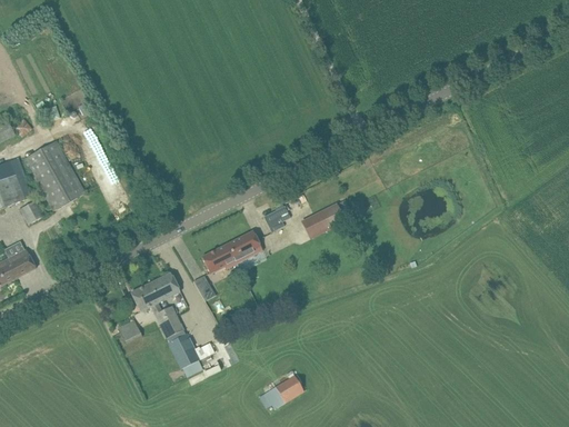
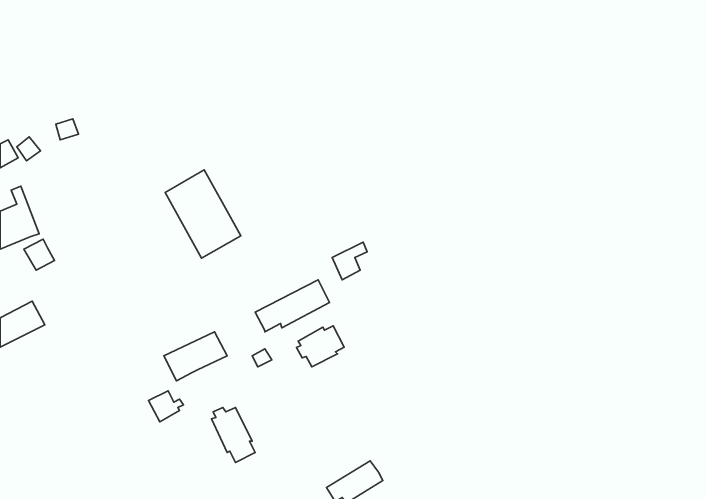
building: [24,140,84,210] -> [165,170,241,258]
building: [301,202,345,238] -> none
building: none -> [297,326,344,367]
building: [152,302,183,337] -> none

